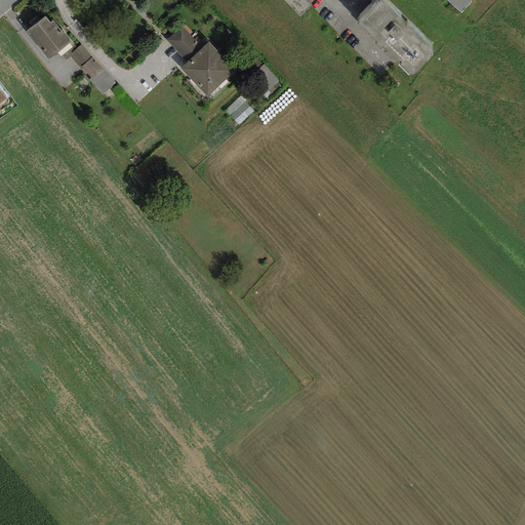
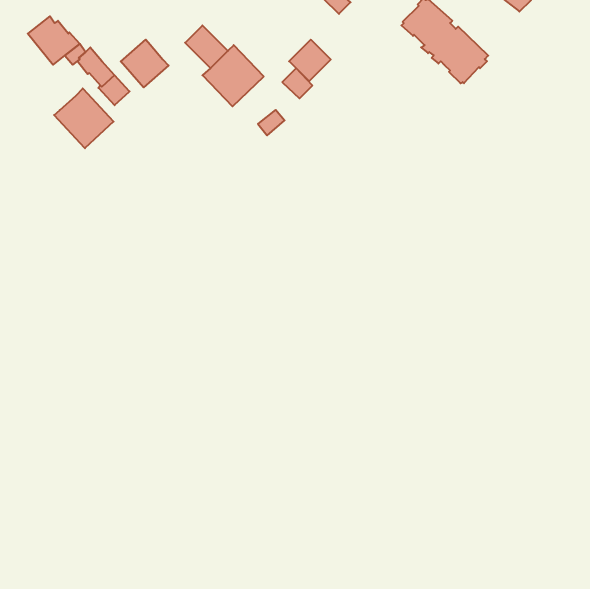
building: none -> [121,40,169,87]
building: none -> [289,40,331,81]
building: none -> [54,88,114,148]

